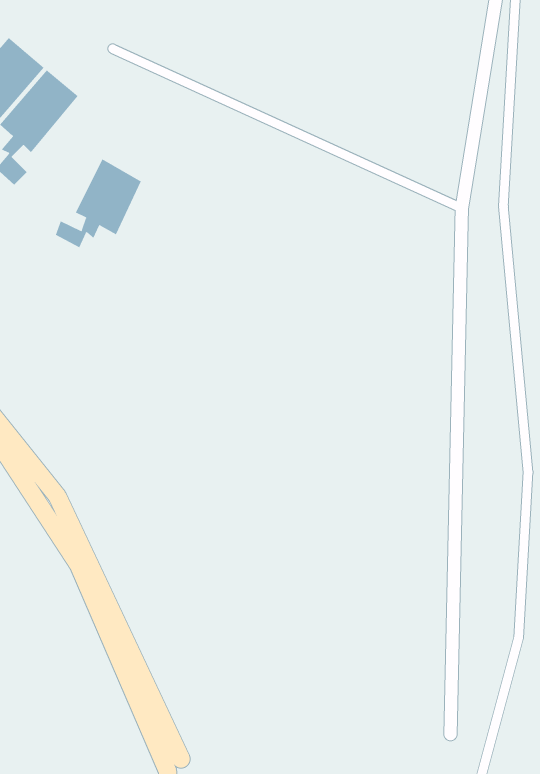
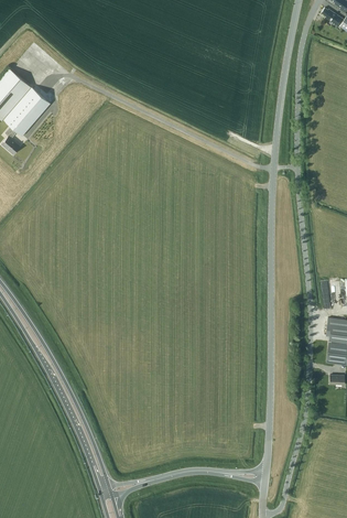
building: [55,159,141,248] -> none

